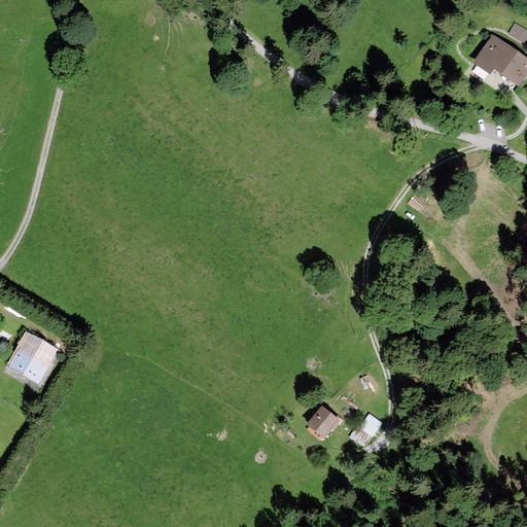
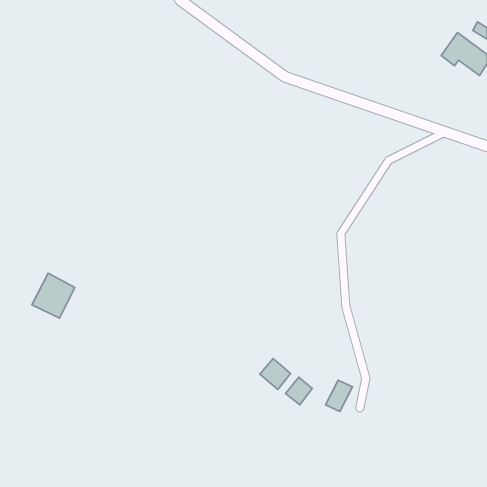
building: [10,335,57,383] -> [32,273,75,318]
building: none -> [260,358,290,389]

